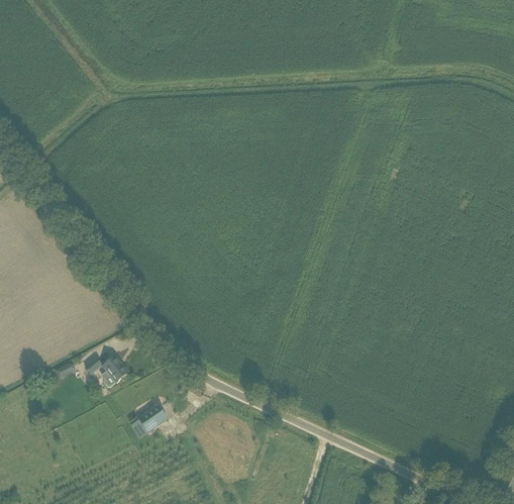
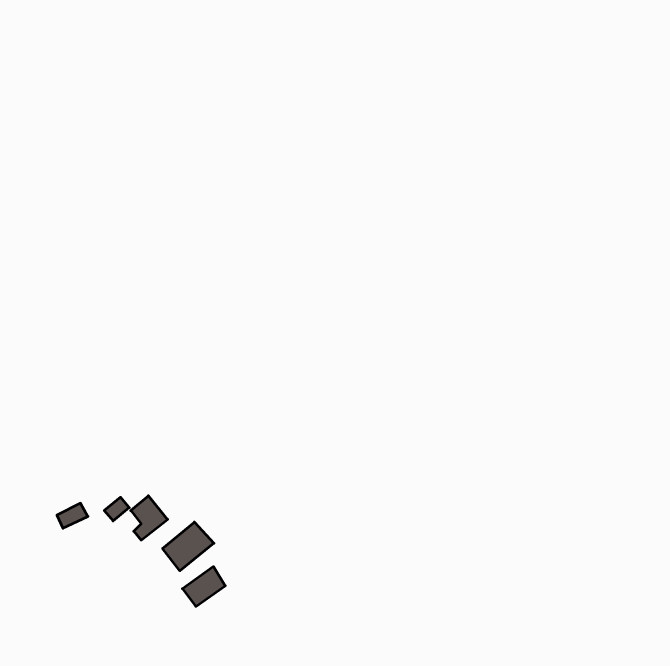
building: none -> [163,522,214,571]

